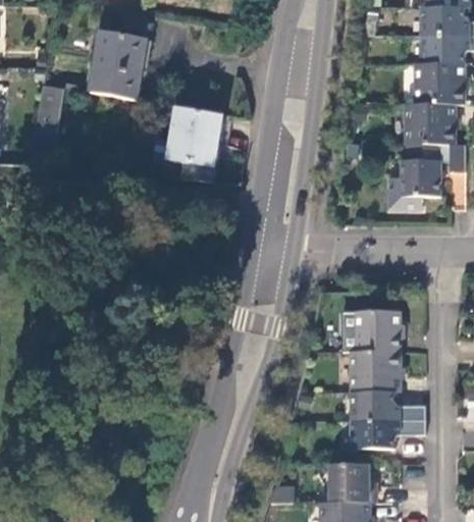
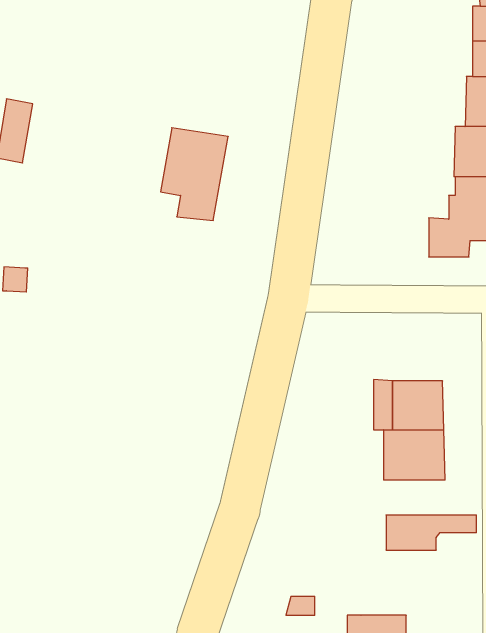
building: [92,32,147,97] -> none
building: [351,390,425,419] -> none
building: [331,462,375,501] -> none

